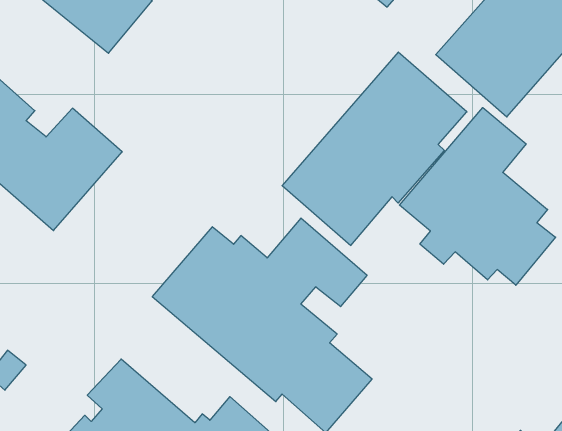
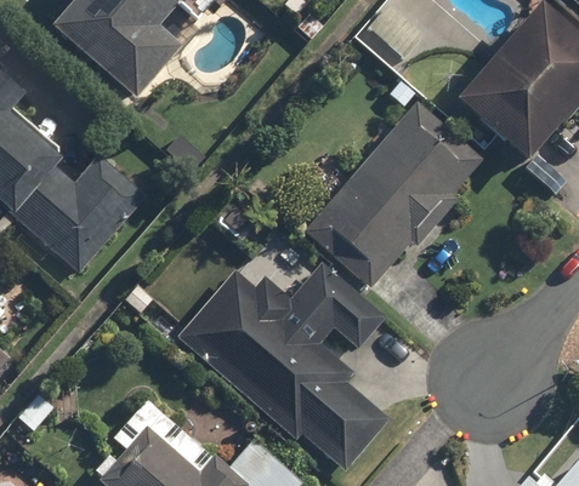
building: [399,108,556,285] -> none

